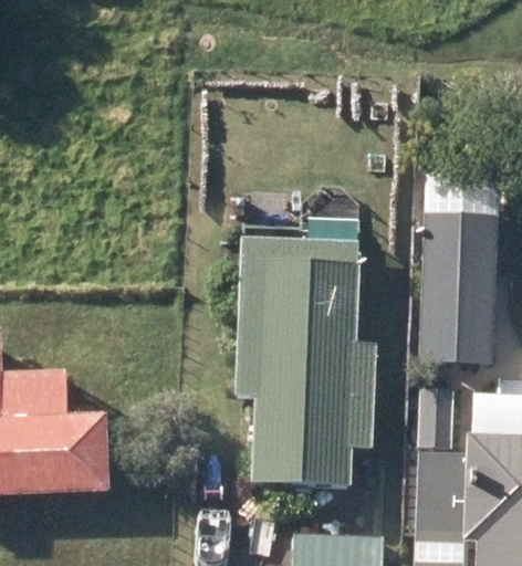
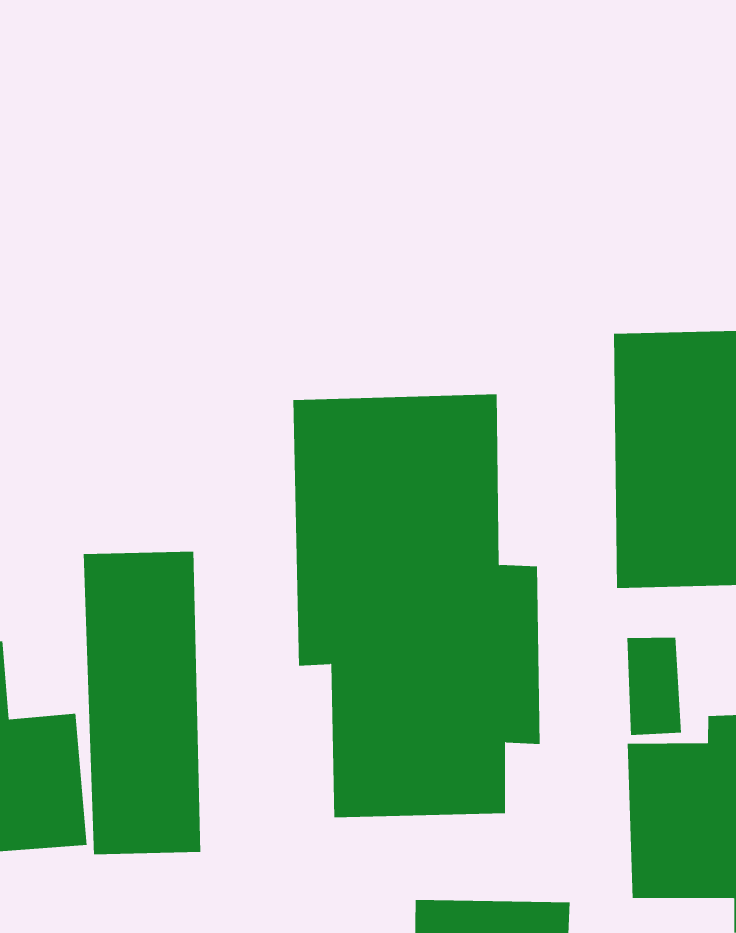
building: none -> [83,551,201,855]

